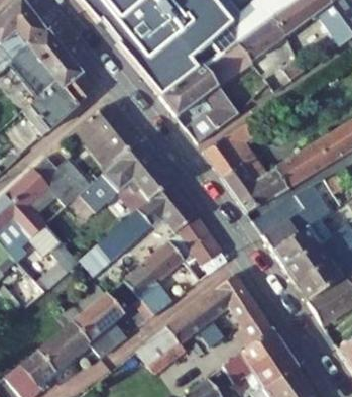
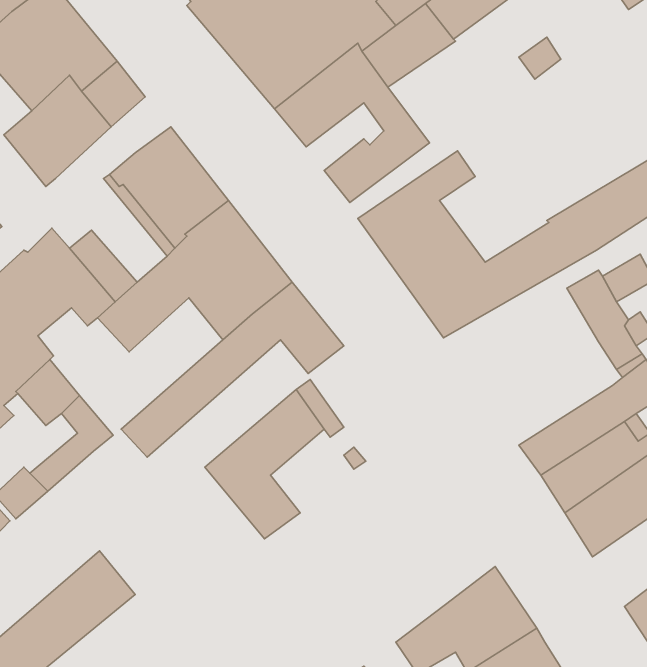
building: [251,195,331,267] -> none
building: [181,219,227,273] -> none
building: [136,273,271,373] -> none
building: [71,292,126,357] -> none

